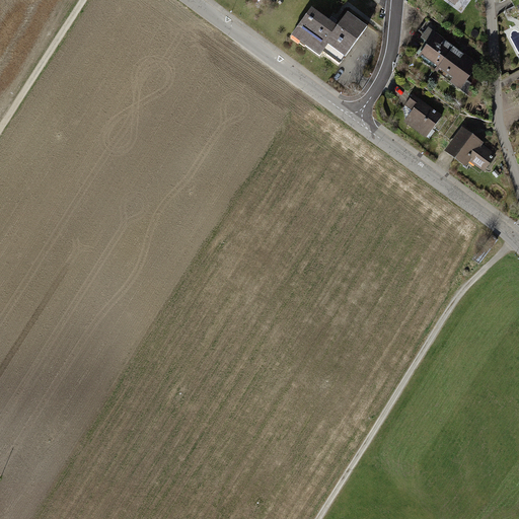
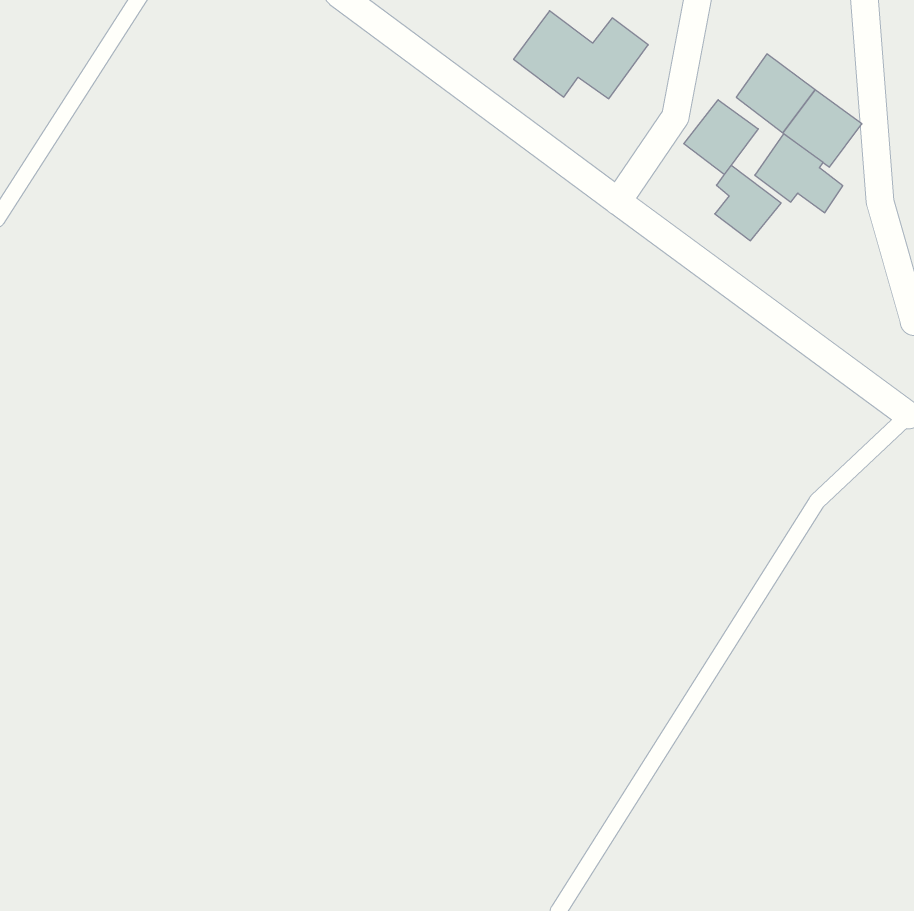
building: none -> [684,100,758,174]
building: [444,125,494,169] -> [755,134,843,213]

